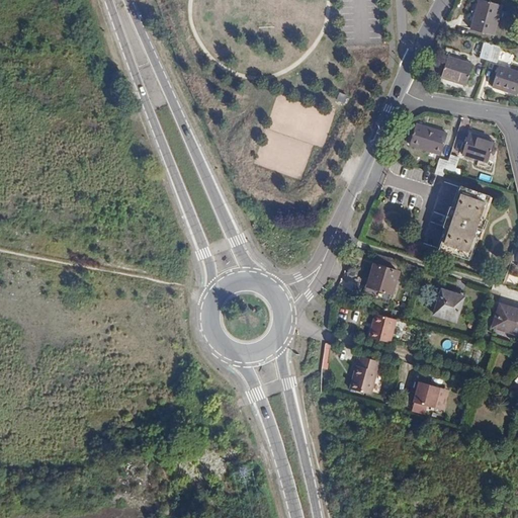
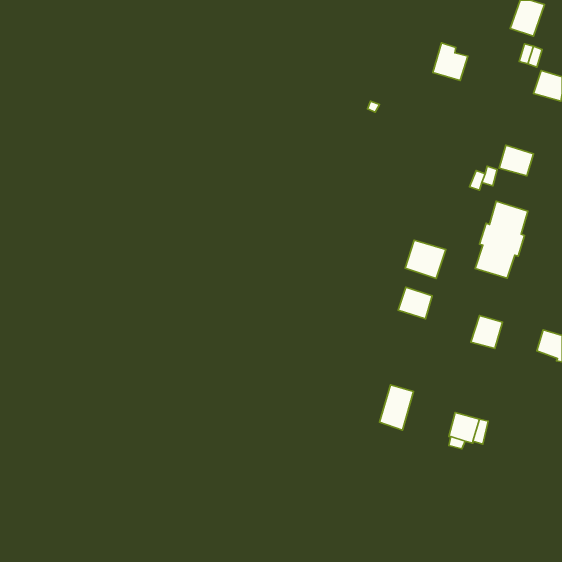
building: [439,51,471,85] -> [433,43,468,80]
building: [407,124,445,154] -> none
building: none -> [405,240,446,279]
building: [368,313,397,343] -> none

